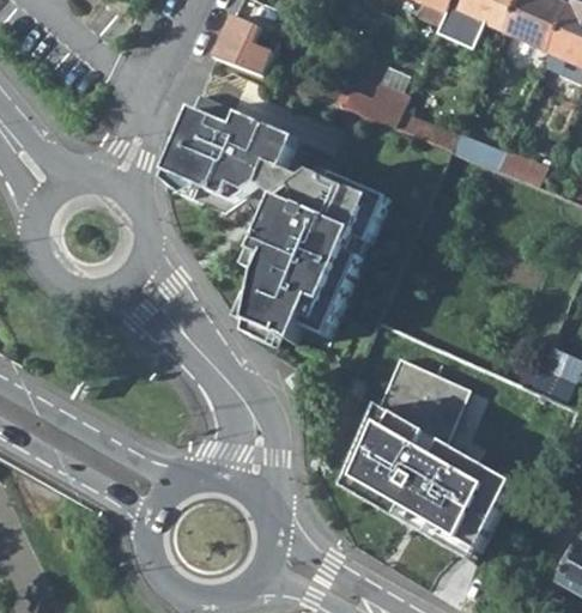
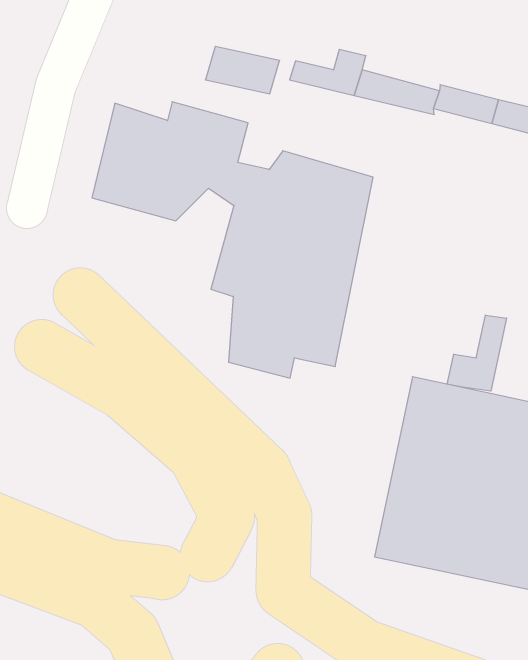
building: [199,25,260,69] -> [205,46,280,94]
building: none -> [447,315,507,391]

